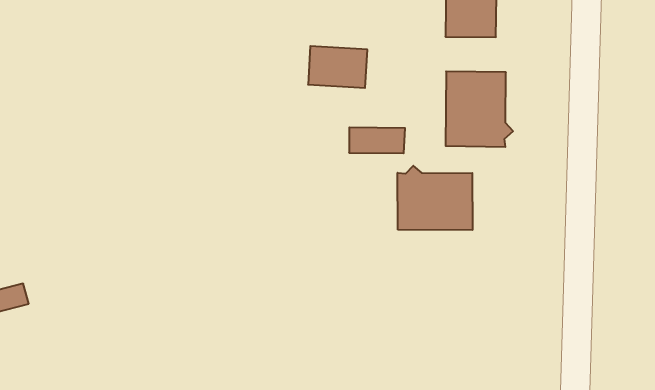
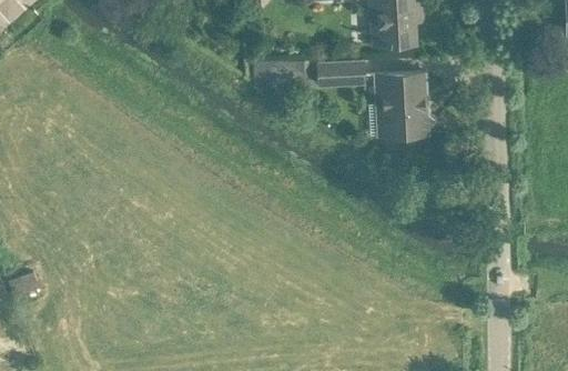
building: [349,127,405,153] -> [320,62,366,86]
building: [398,166,472,230] -> none

